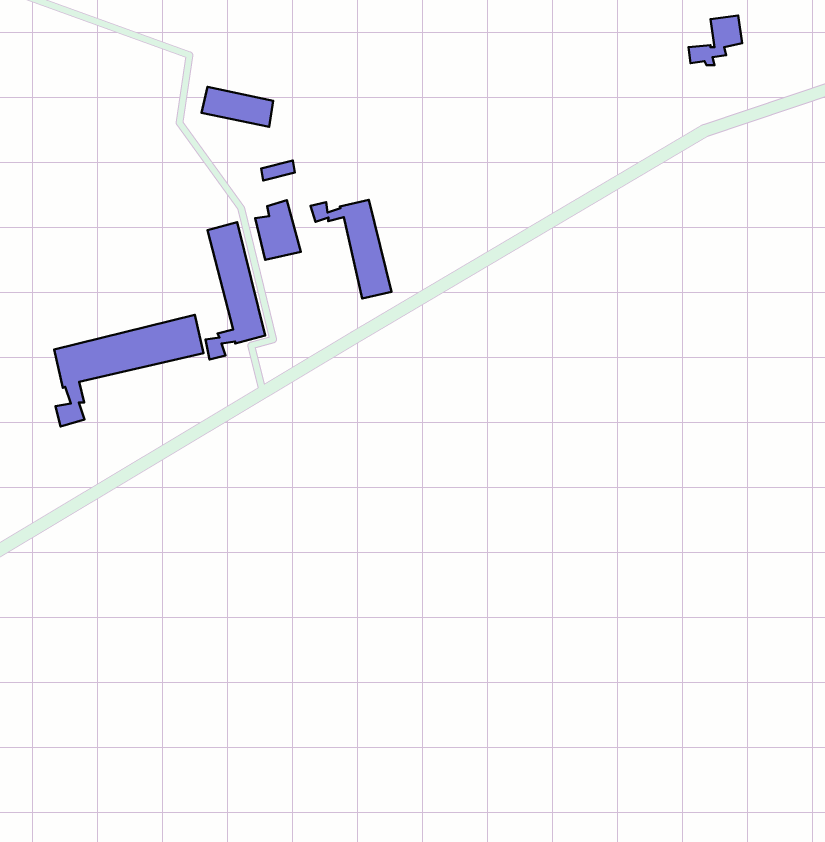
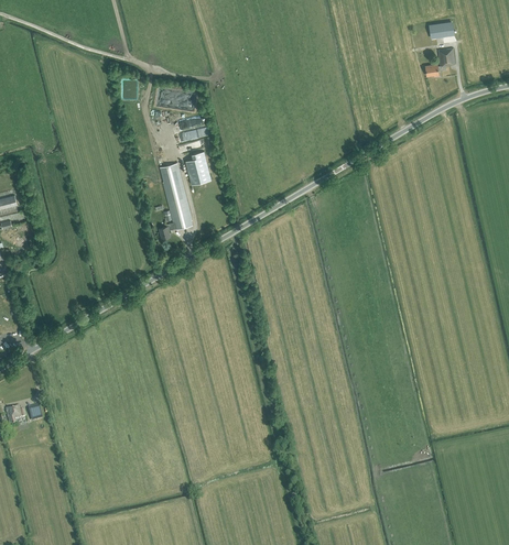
building: [311,200,392,299] -> none
building: [54,315,204,426] -> none

